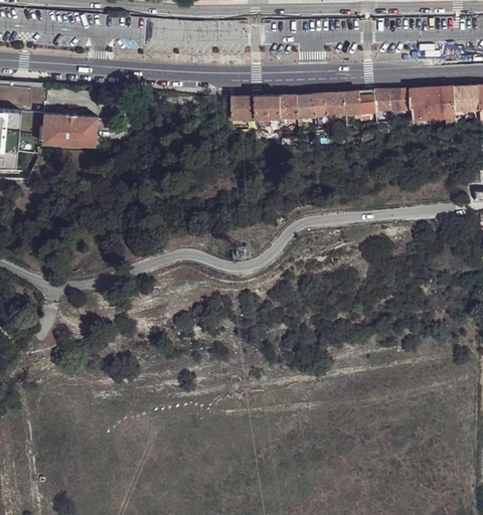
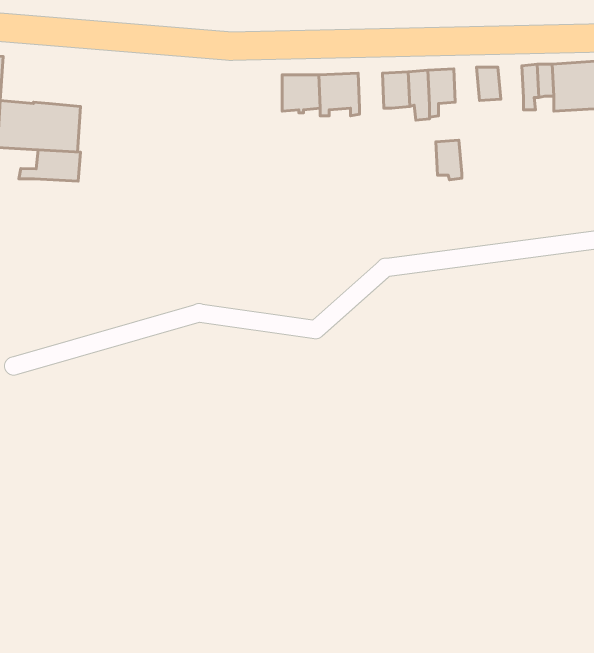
building: [373,91,390,122] -> none
building: [344,92,361,118] -> [436,140,462,180]
building: [281,96,298,125] -> none
building: none -> [19,150,80,181]

